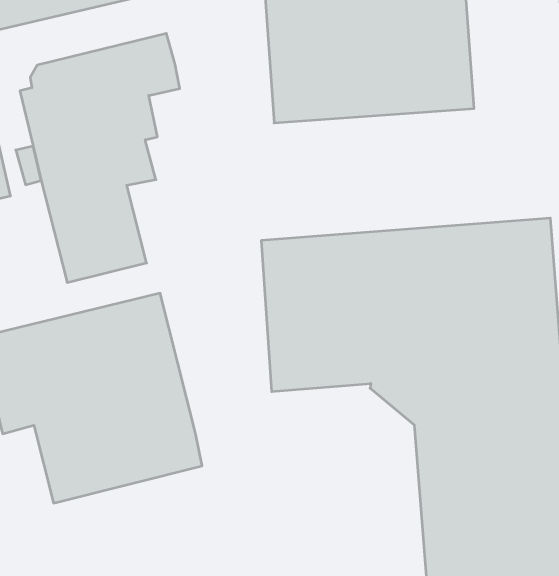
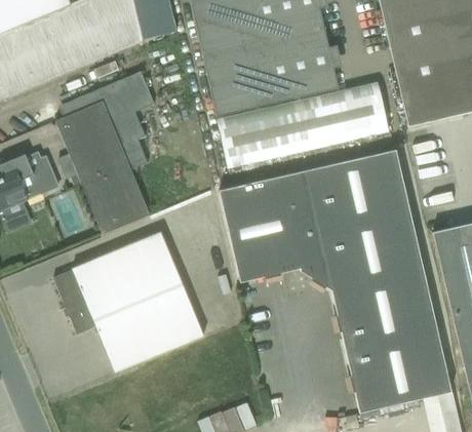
building: none -> [220,84,389,168]

